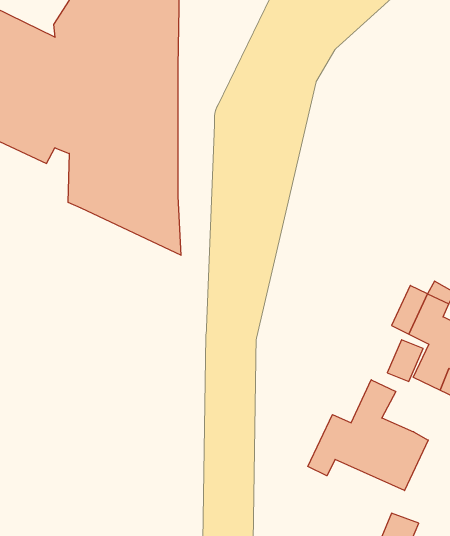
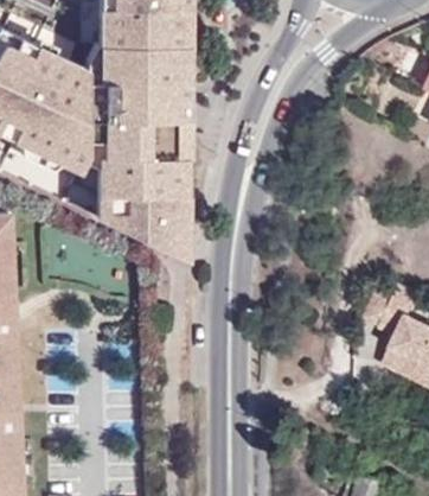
building: [308,380,428,491] -> none

